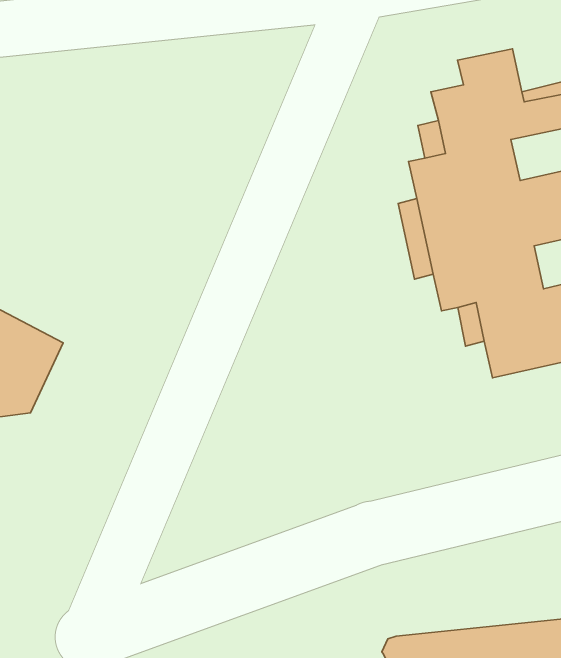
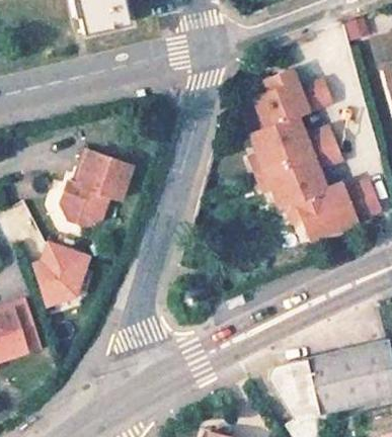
building: none -> [62,147,128,223]

